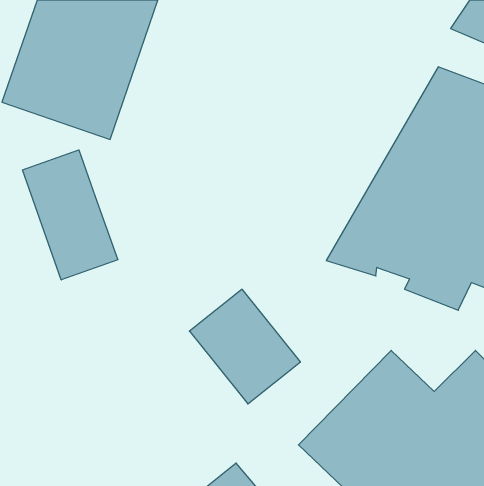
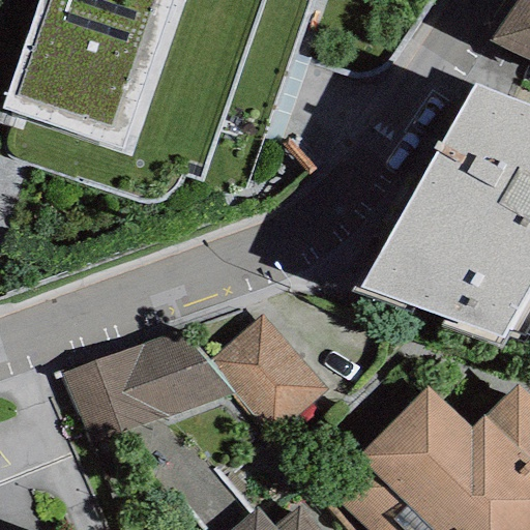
building: [22,150,118,280] -> none
building: none -> [66,329,237,443]

